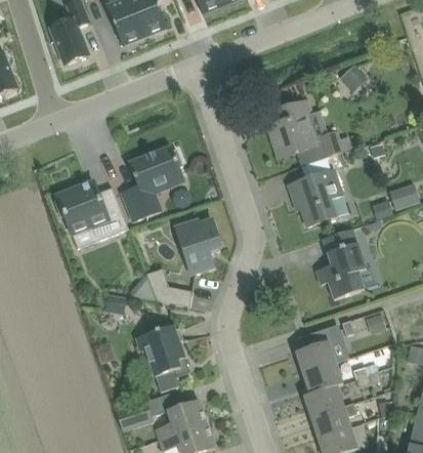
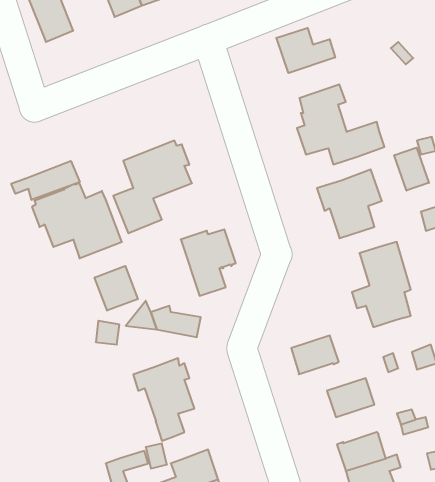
building: none -> [276,28,335,73]
building: none -> [394,148,429,191]
building: none -> [11,161,80,200]
building: none -> [95,266,138,311]
building: [303,361,342,393] -> [291,336,339,374]

